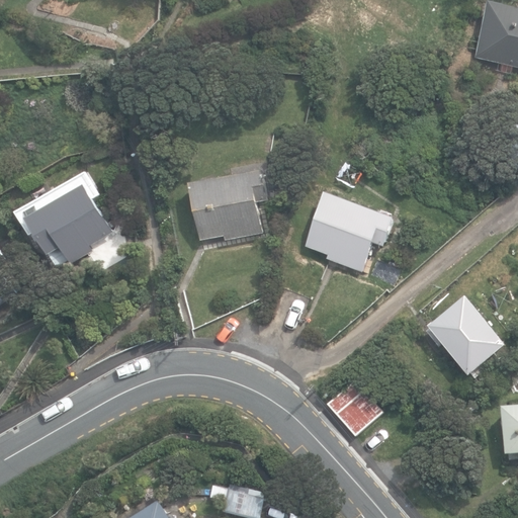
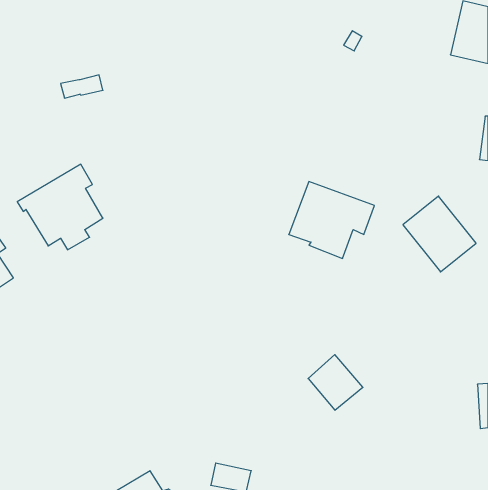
building: [188,171,266,241] -> none
building: [429,294,506,374] -> [403,196,476,272]

